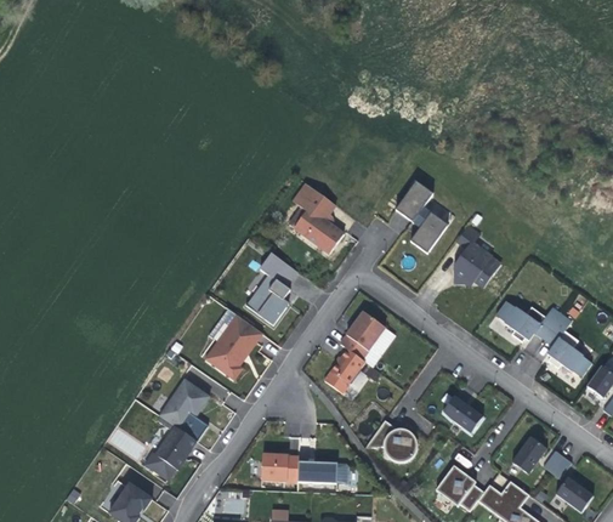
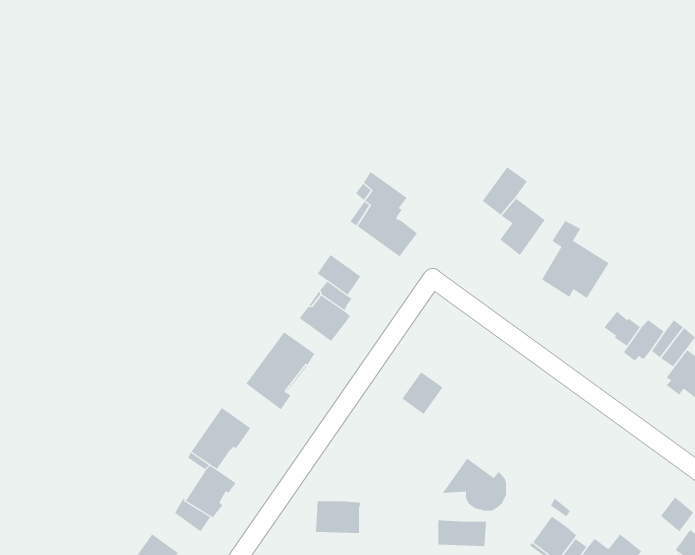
building: [341,311,386,359] -> none
building: [442,396,483,433] -> none
building: [511,436,546,473] -> none
building: [297,460,337,482] -> [438,520,487,546]

